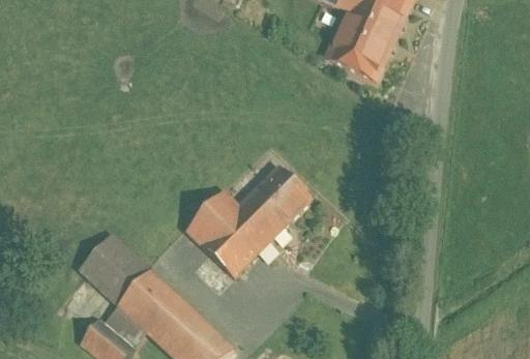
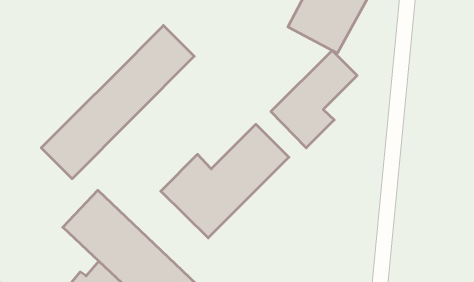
building: none -> [41,25,194,179]
building: none -> [271,50,357,148]

